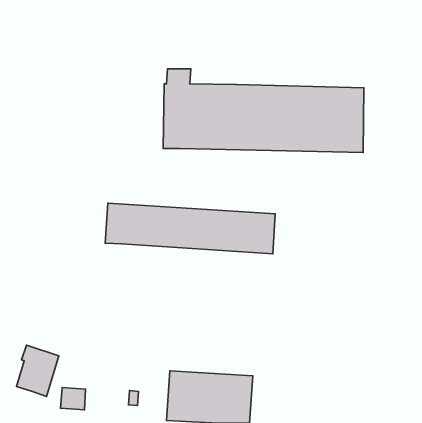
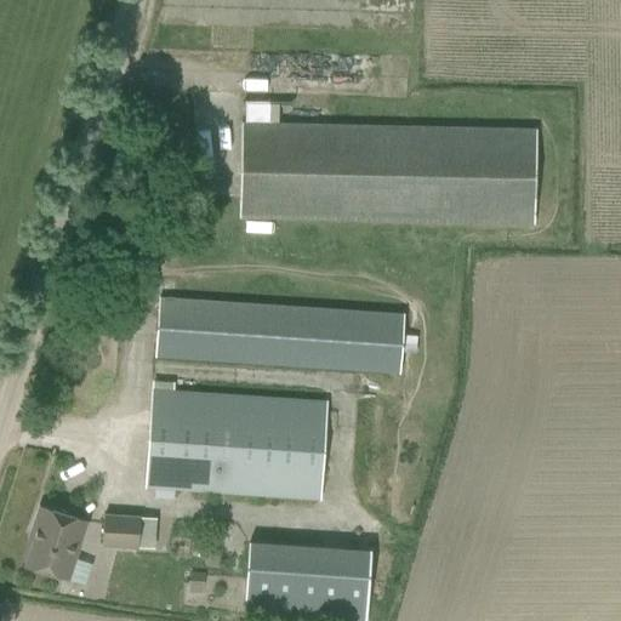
building: none -> [148,389,327,498]
building: [61,387,85,410] -> [103,514,139,547]

